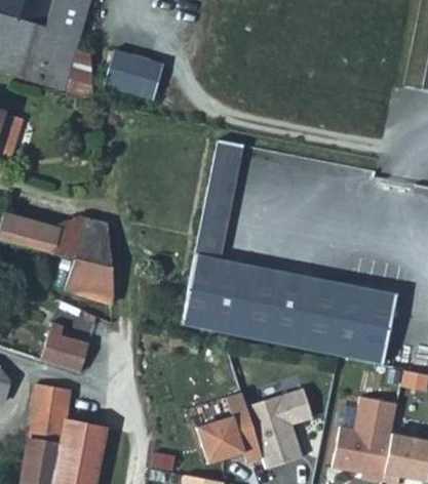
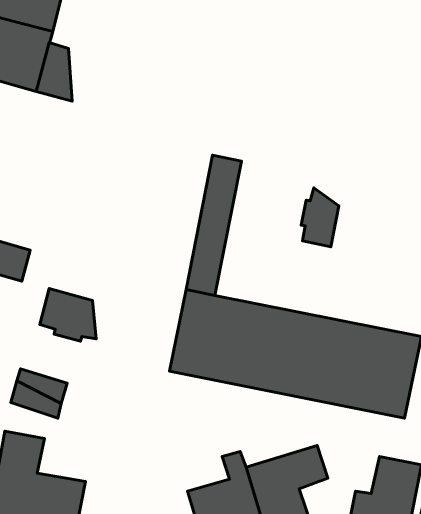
building: [105,53,164,103] -> none
building: none -> [301,188,339,247]
building: [53,212,114,266] -> none

